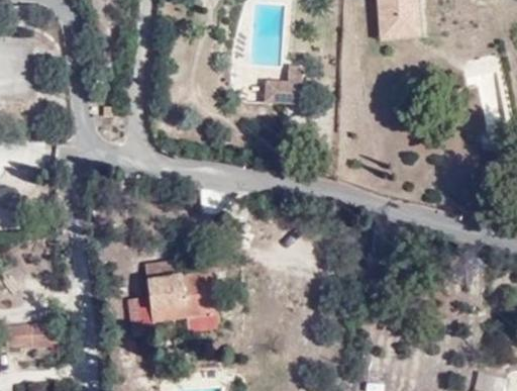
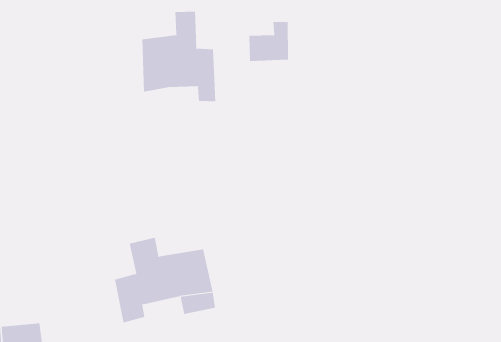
building: none -> [142,11,216,102]

